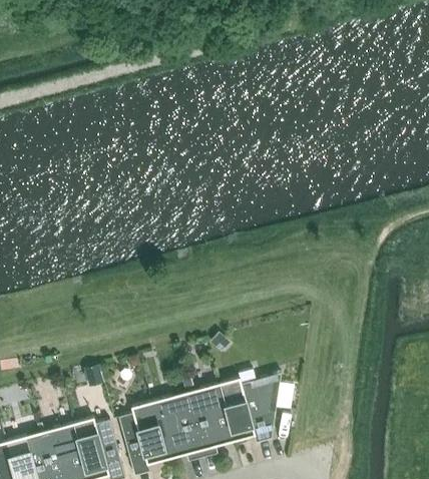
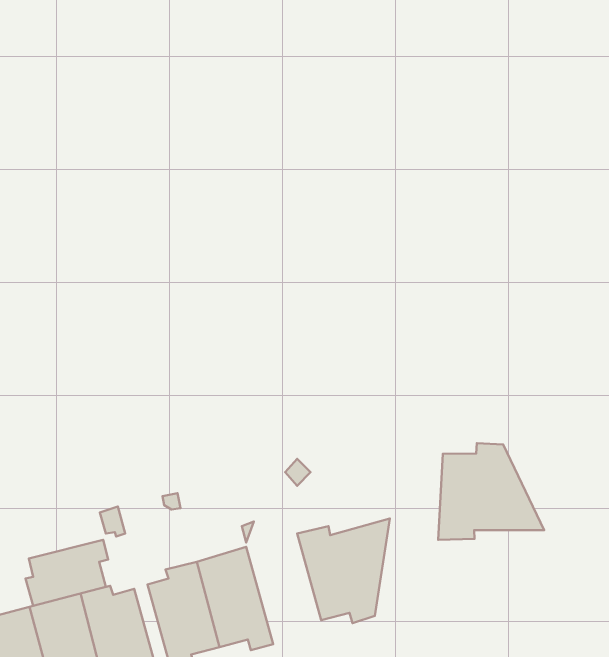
building: none -> [438,443,544,540]
building: [184,383,235,457] -> none
building: none -> [25,540,108,606]

